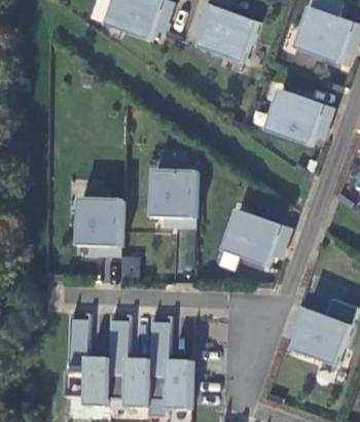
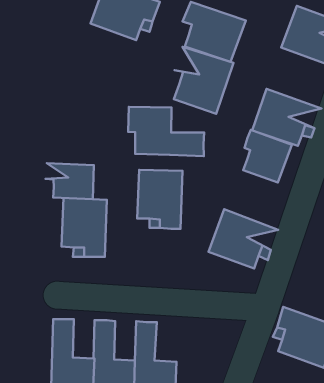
building: none -> [174,47,233,114]
building: none -> [128,107,204,156]
building: none -> [243,130,292,182]
building: none -> [45,163,94,199]

